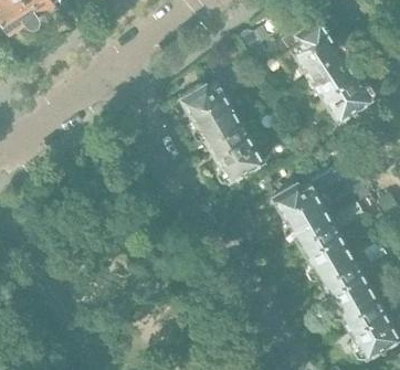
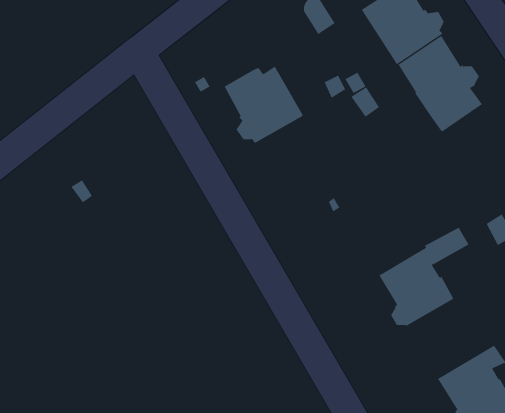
building: [207,120,267,180] -> none
building: [273,170,341,240] -> none
building: [320,242,388,317] -> none

